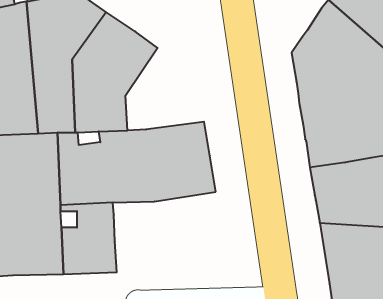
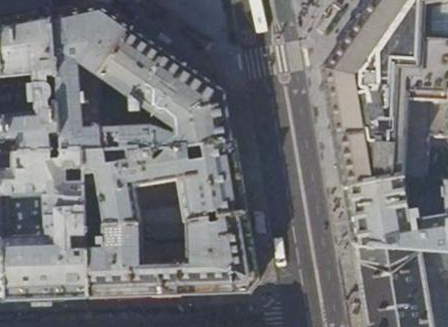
building: none -> [154,65,235,150]
building: none -> [141,214,258,297]

